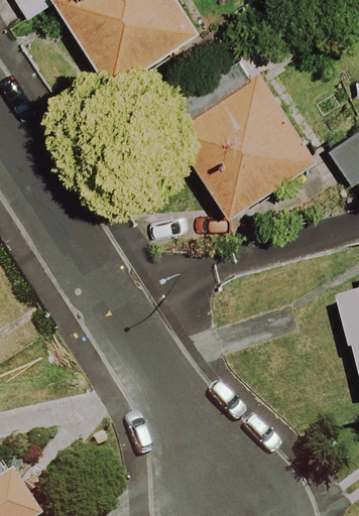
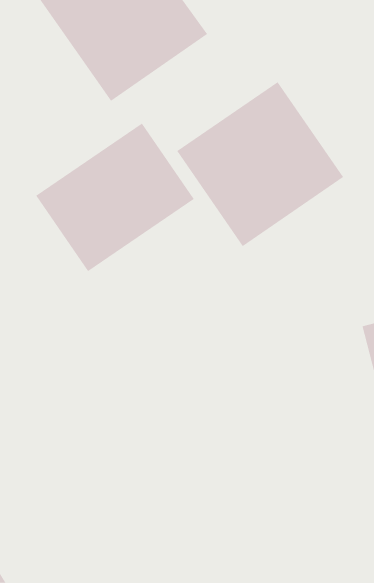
building: none -> [35,122,195,272]

